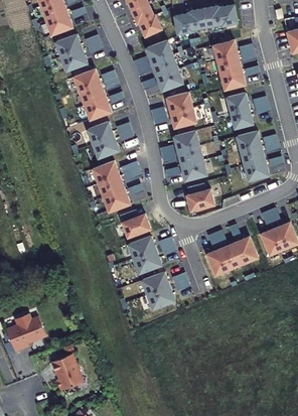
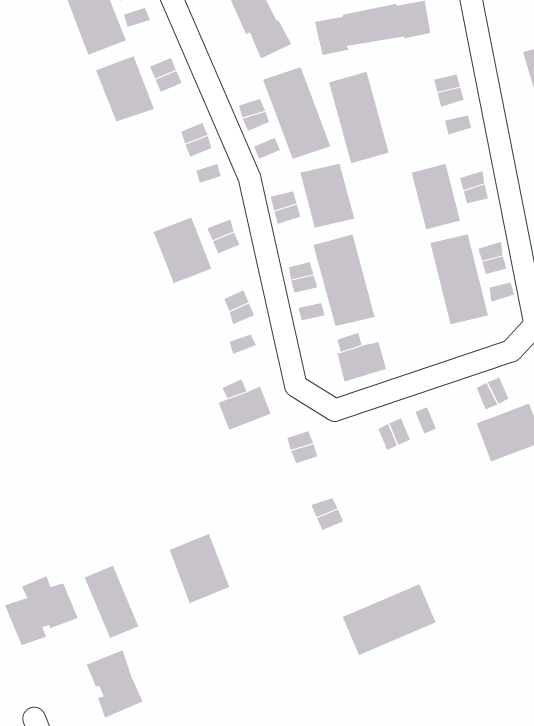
building: [212,39,246,90] -> [328,71,389,164]
building: [73,67,111,119] -> none
building: [94,160,130,211] -> none
building: [129,236,162,273] -> none
building: [207,236,259,275] -> [342,584,436,656]
building: [142,271,175,309] -> [169,533,230,604]
building: none -> [84,565,139,639]

